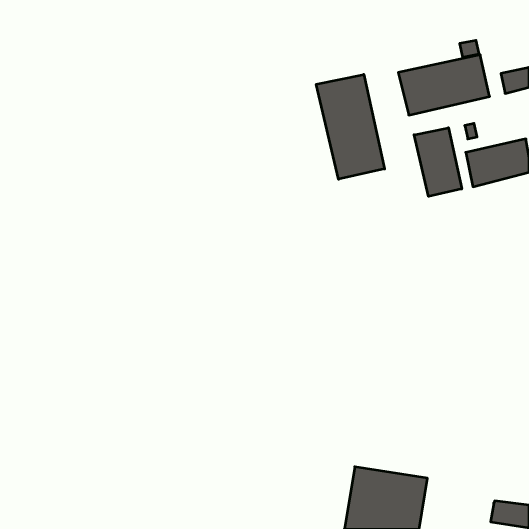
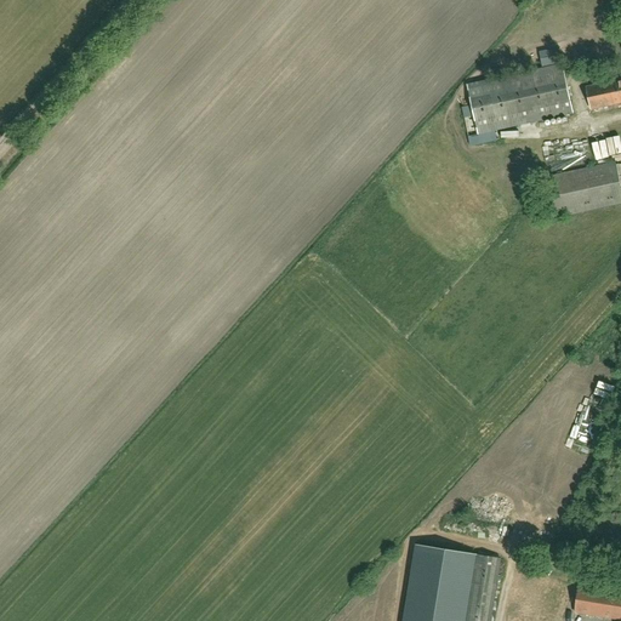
building: [316,74,385,179] -> none
building: [414,128,462,196] -> none

